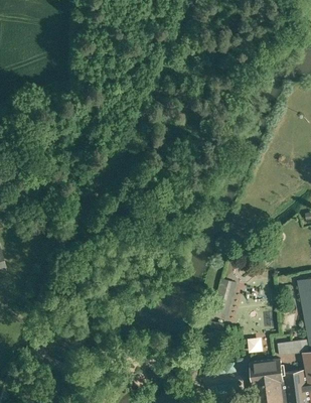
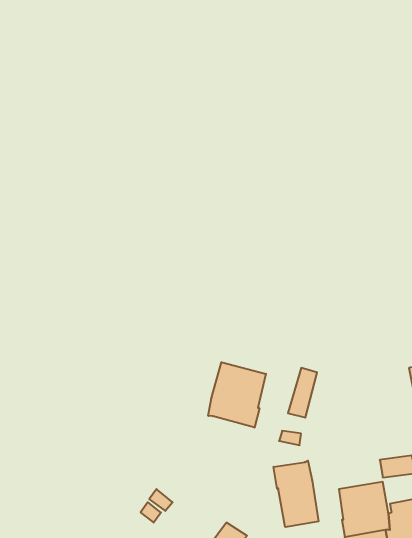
building: none -> [208,362,266,428]
building: none -> [274,461,319,527]

